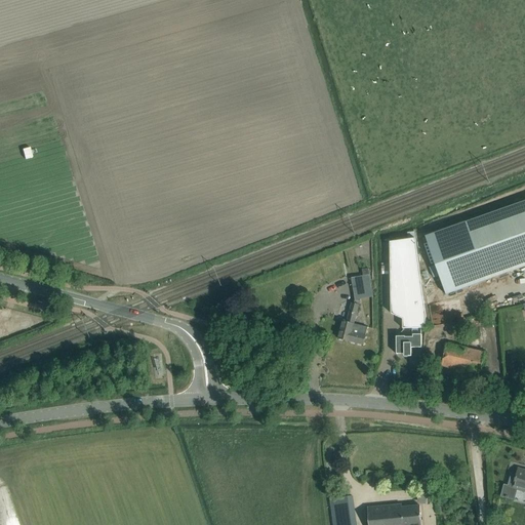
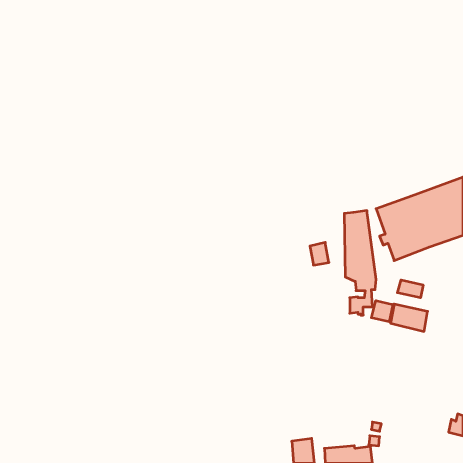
building: [337,301,367,345] -> none
building: none -> [397,280,423,298]
building: none -> [371,301,393,322]

